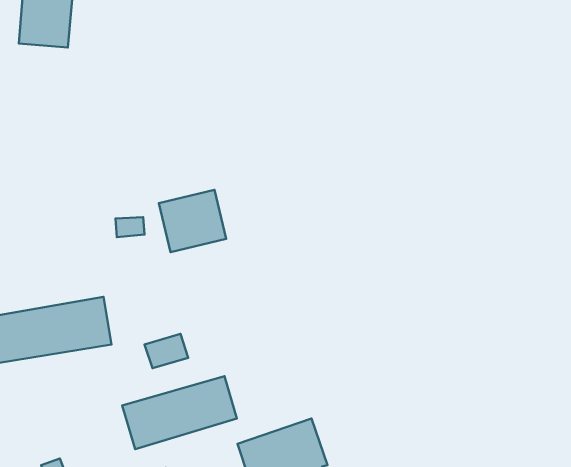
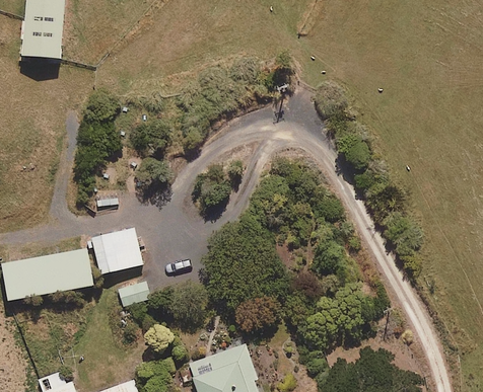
building: [159,190,226,252] -> [91,227,143,275]
building: [122,376,237,449] -> none

